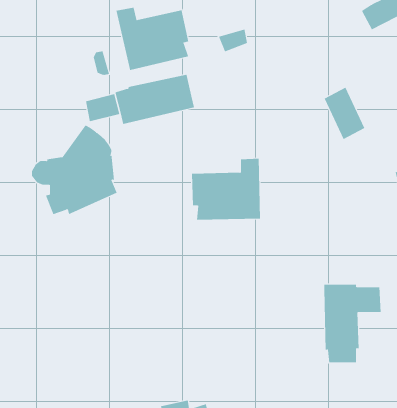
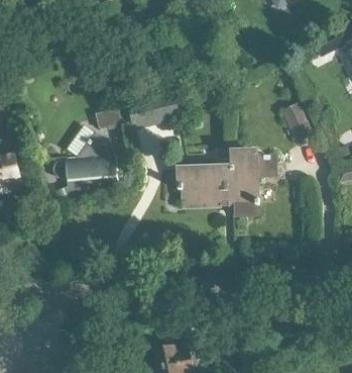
building: [116,7,189,71] -> none
building: [323,284,381,363] -> [231,153,276,214]

